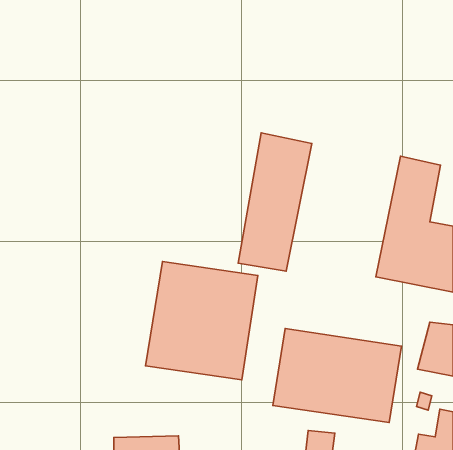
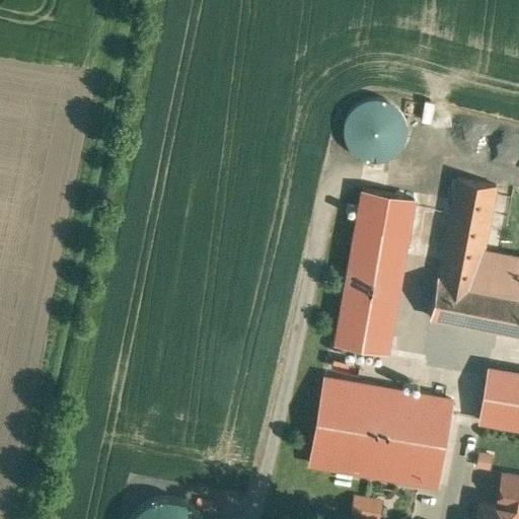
building: none -> [337,94,412,168]
building: [238,133,312,271] -> [337,194,421,352]
building: [146,262,258,380] -> none

